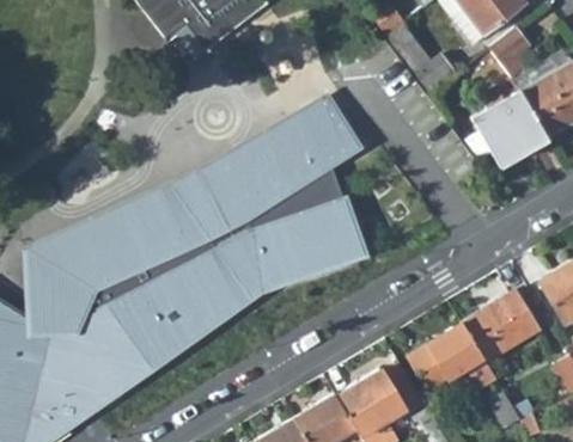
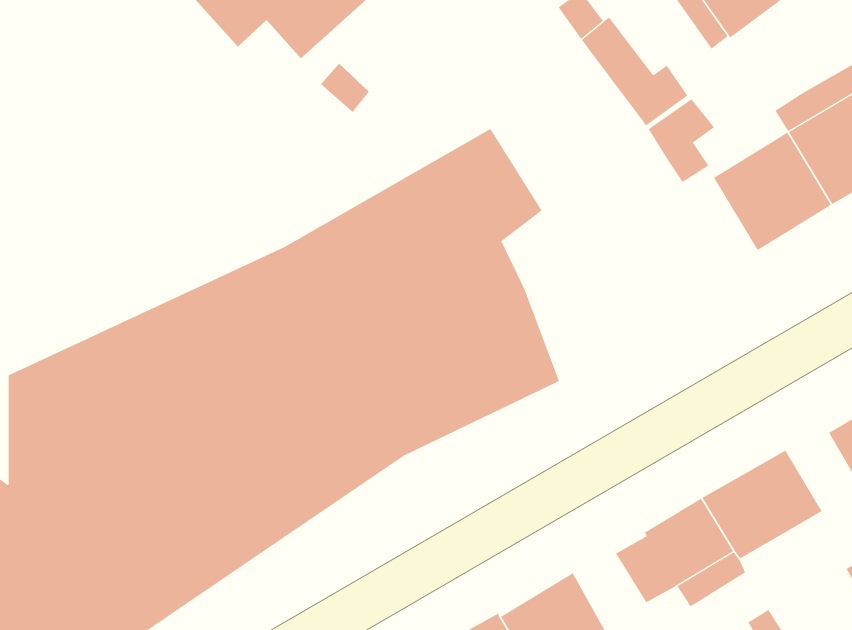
building: [486,27,528,80] -> [648,99,715,183]

